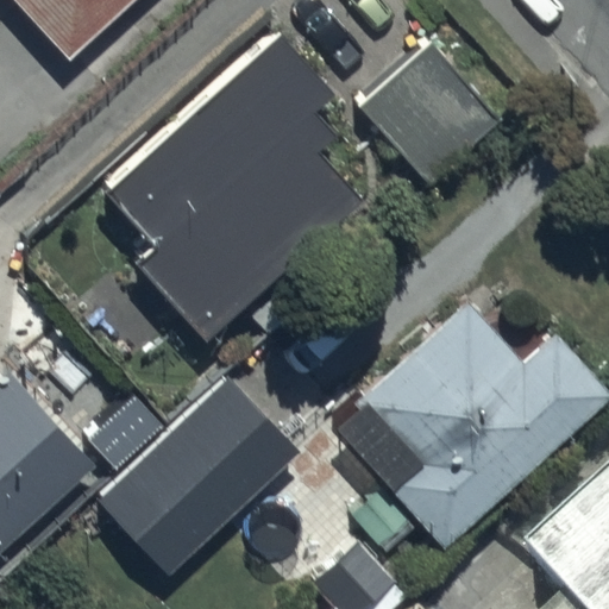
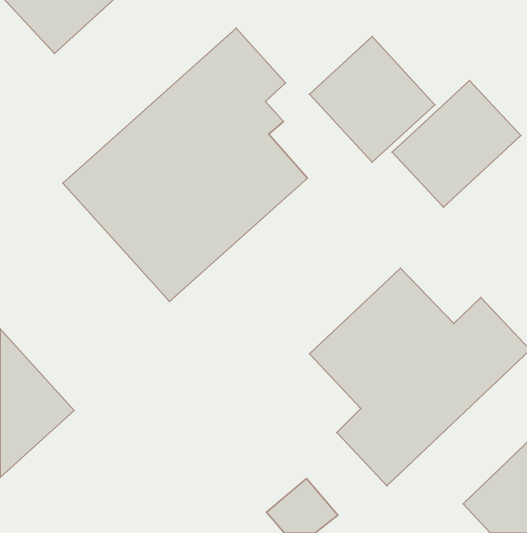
building: none -> [392,80,521,207]
building: [95,375,297,575] -> none

